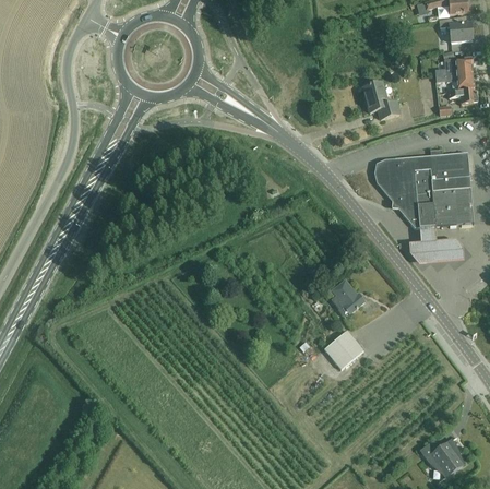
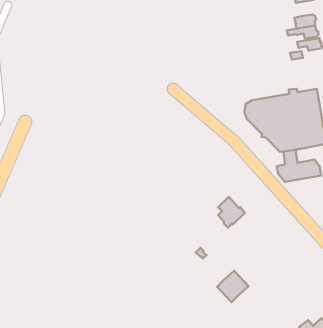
building: [363,82,399,119] -> none
building: [324,327,363,367] -> [217,271,248,302]

